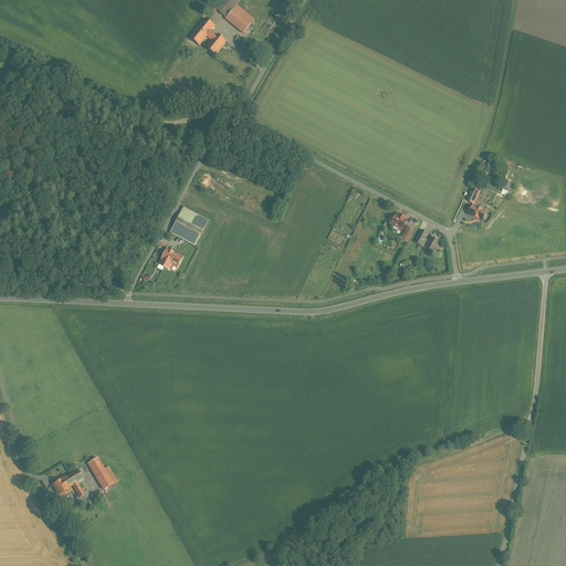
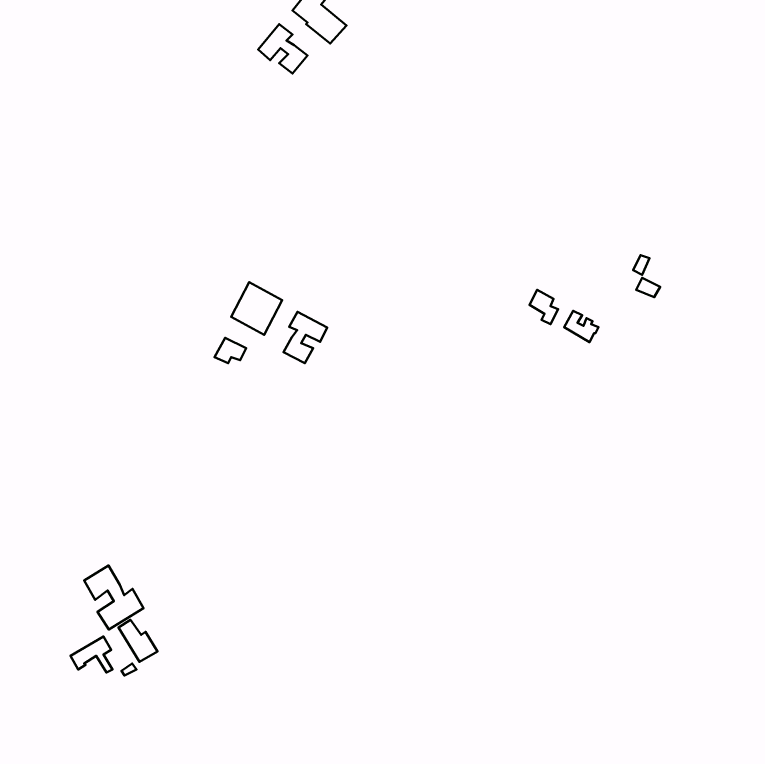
building: none -> [284,312,327,363]
building: none -> [84,565,144,629]

